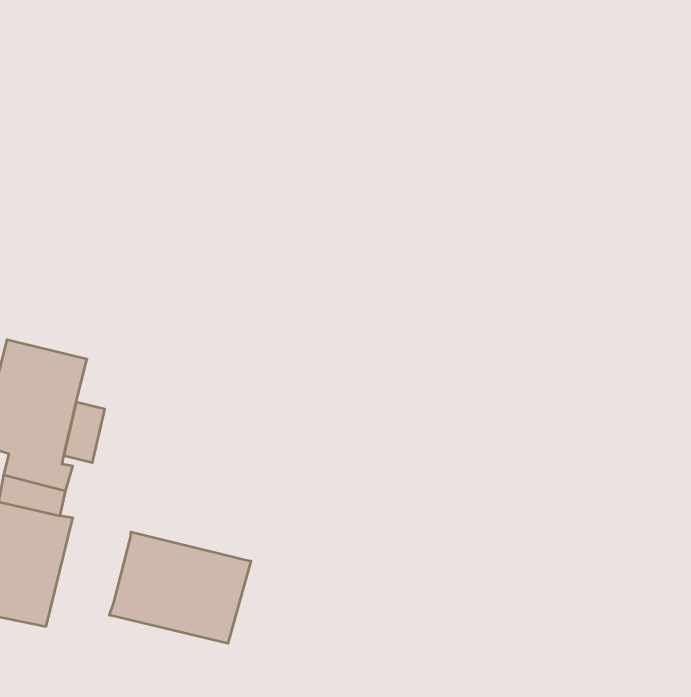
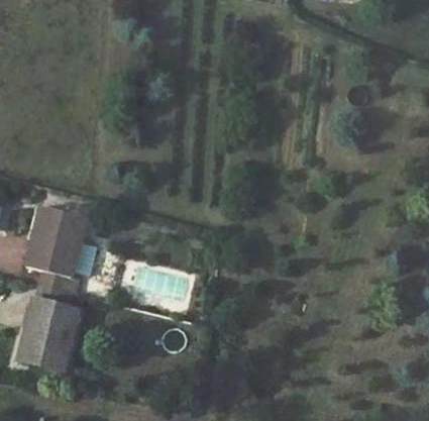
building: [109,532,251,643] -> none

